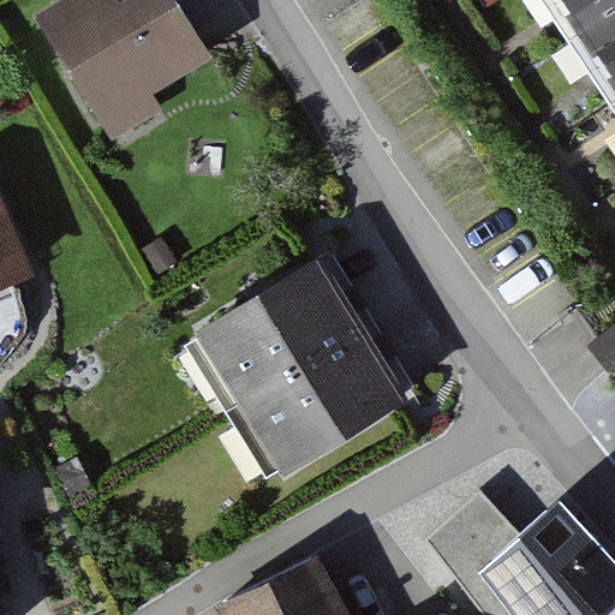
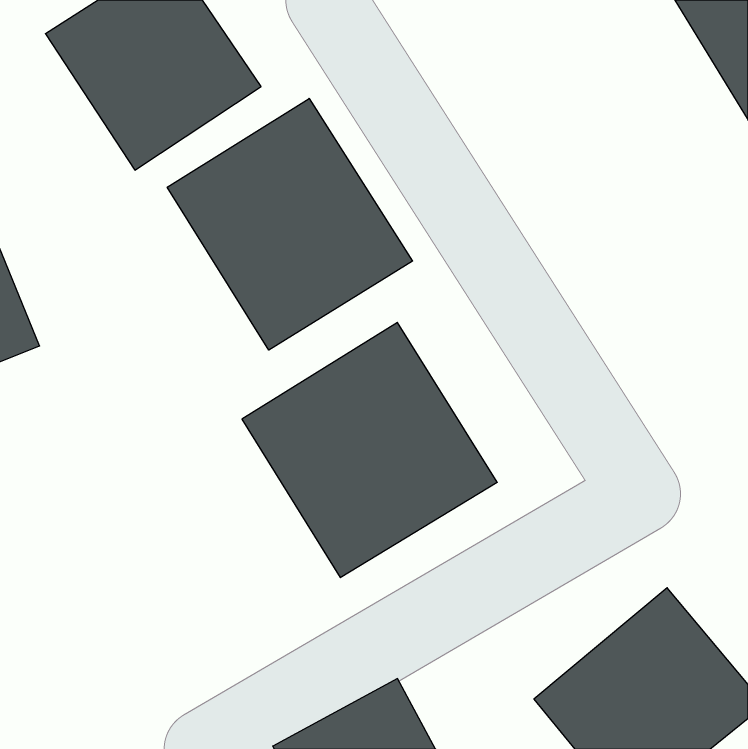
building: none -> [167,98,413,350]

